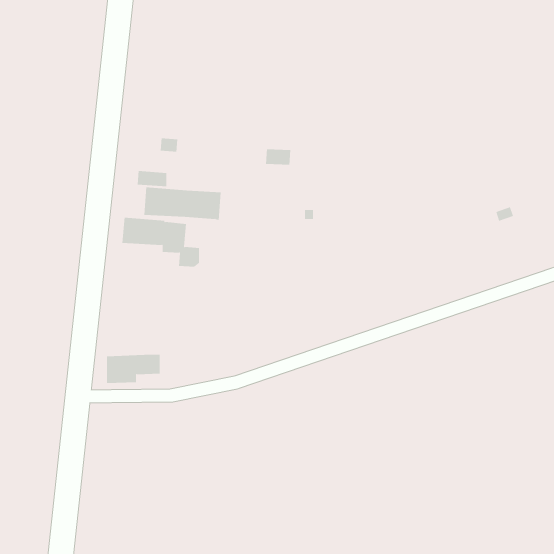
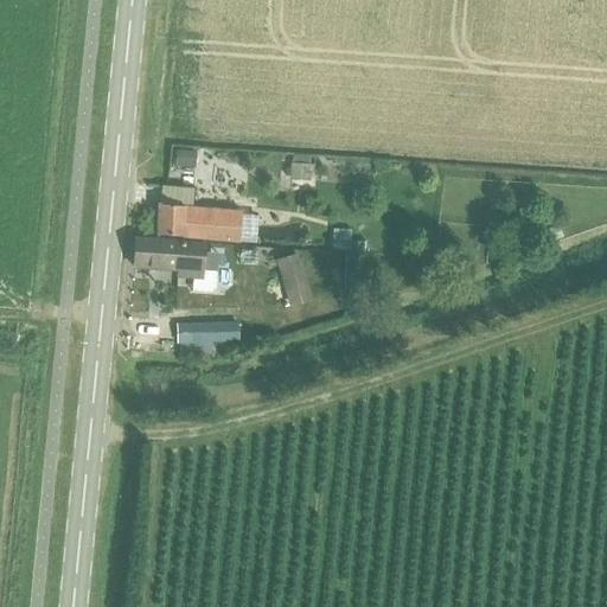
building: none -> [276,251,313,305]
building: [106,354,161,383] -> [180,320,239,352]

